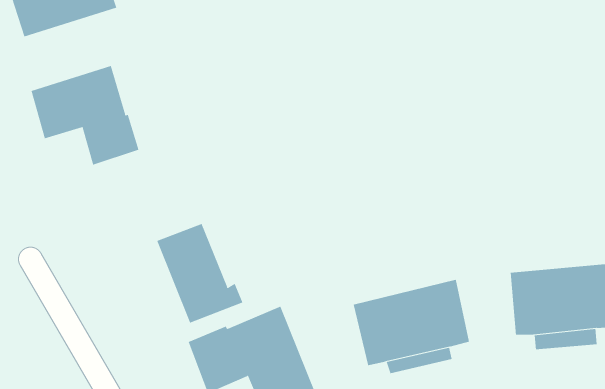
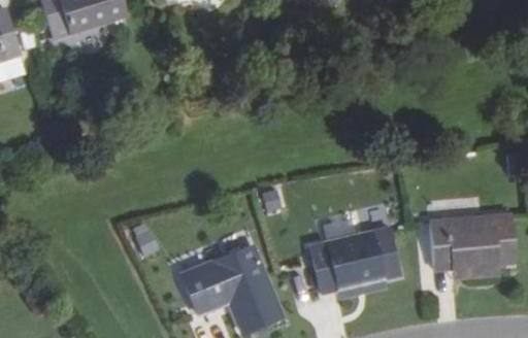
building: [31,65,139,165] -> none
building: [156,223,243,324] -> none

